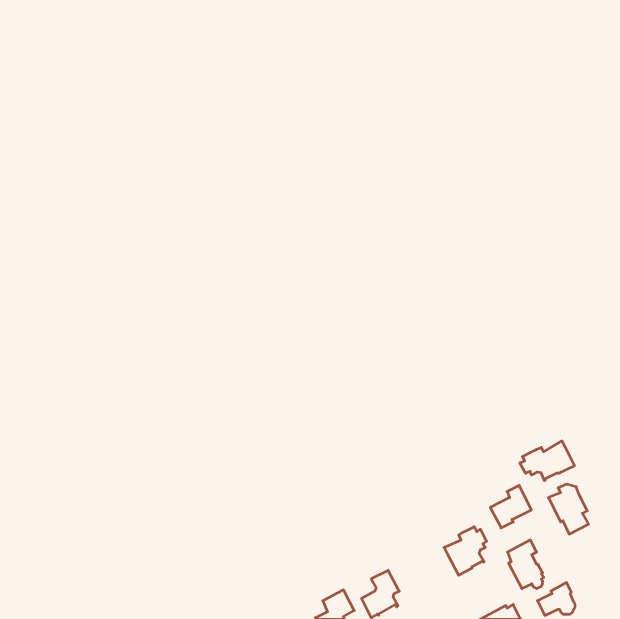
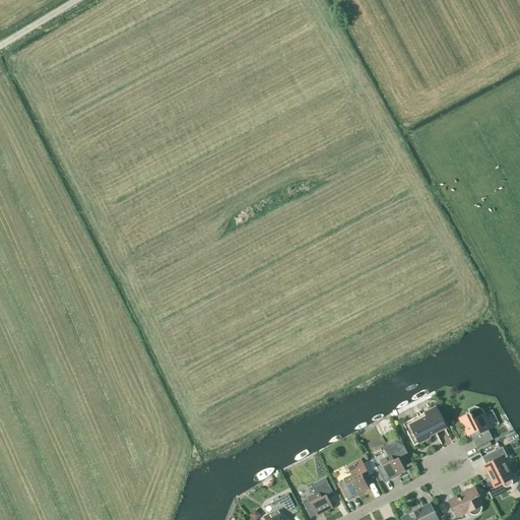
building: [520,441,574,481] -> none
building: [507,540,544,589] -> [482,446,513,486]
building: none -> [338,459,370,500]

